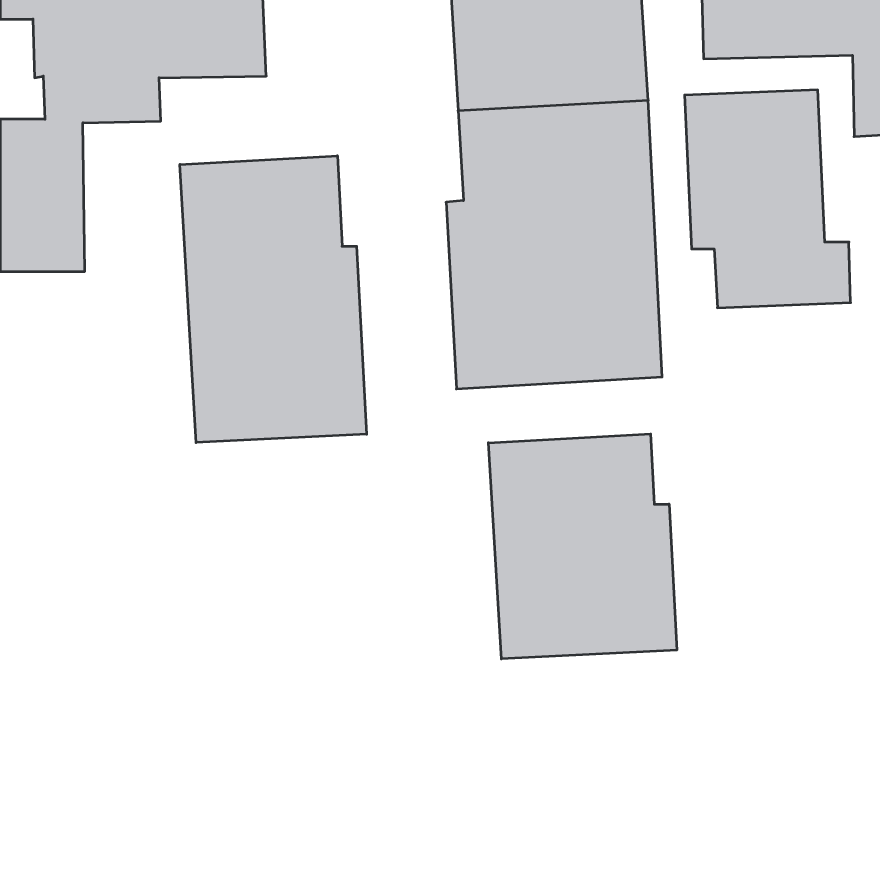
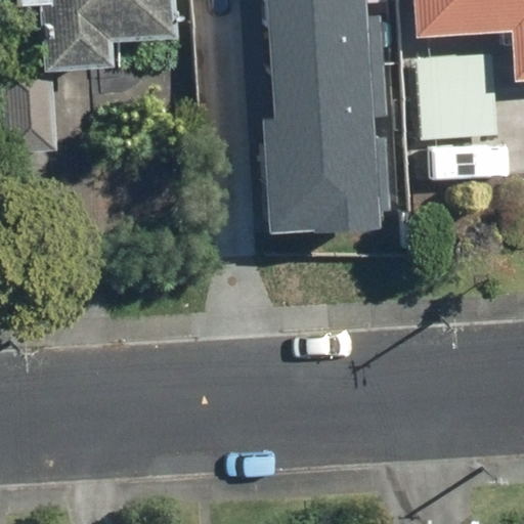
building: [180,156,367,443] -> none
building: [488,434,677,659] -> none

